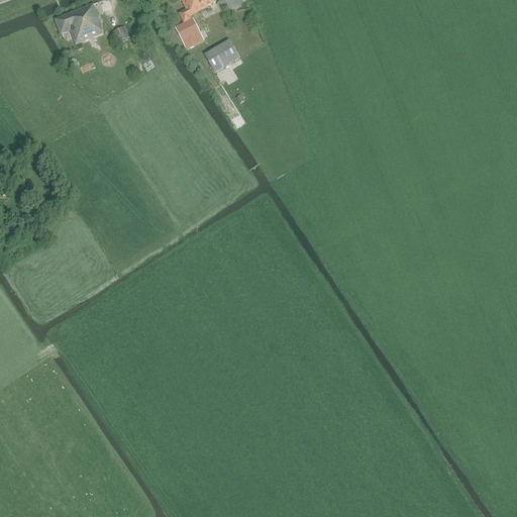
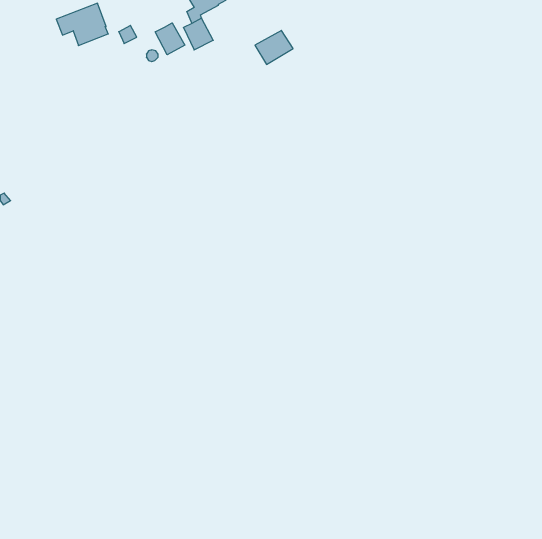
building: none -> [155,23,185,55]
building: [204,38,240,71] -> [255,30,293,64]

